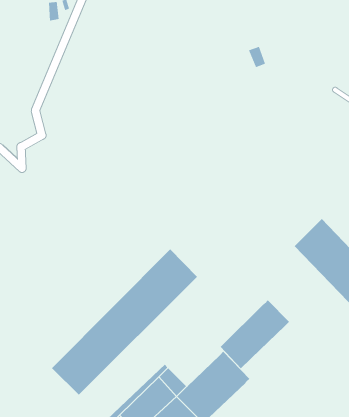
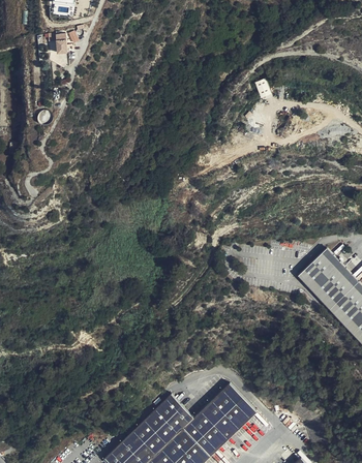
building: [51,249,198,396] -> none
building: [220,299,290,369] -> none

